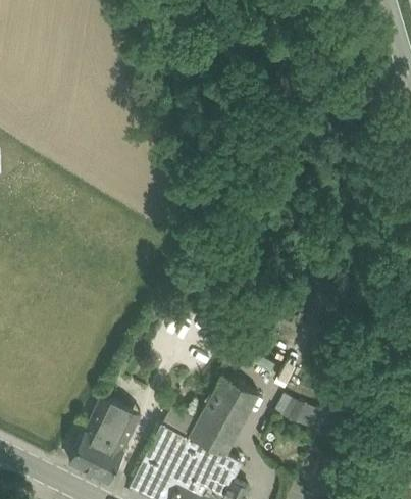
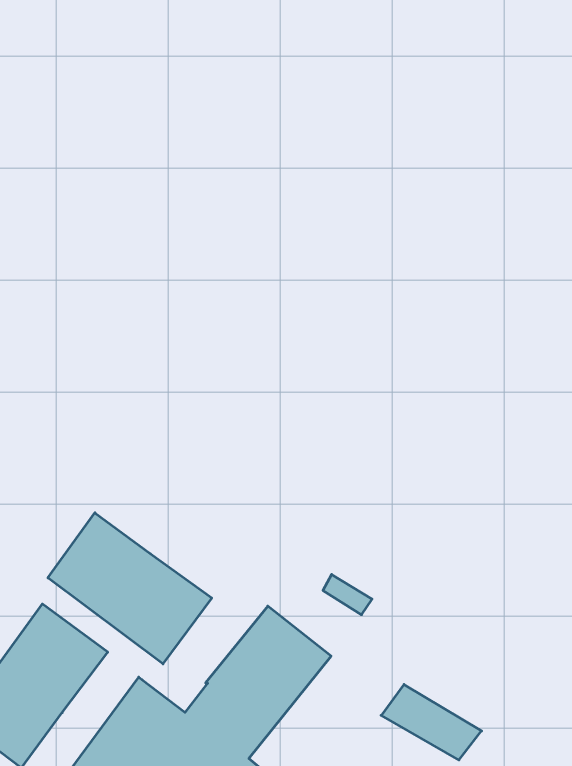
building: none -> [48,513,212,664]

